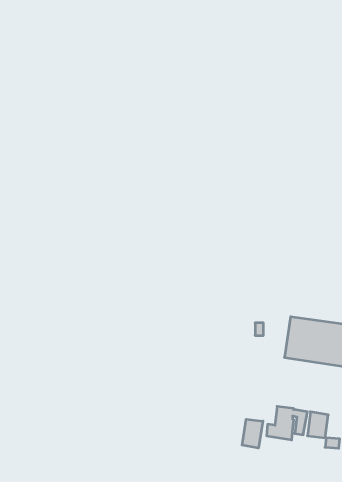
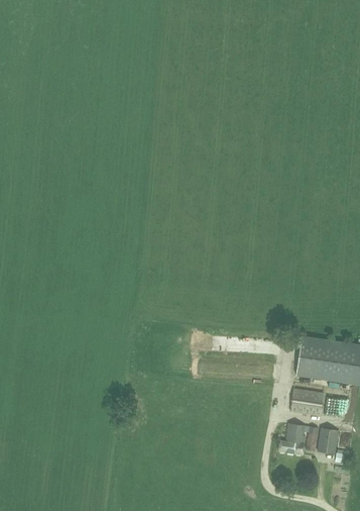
building: none -> [290,389,323,416]
building: [242,419,263,448] -> none

